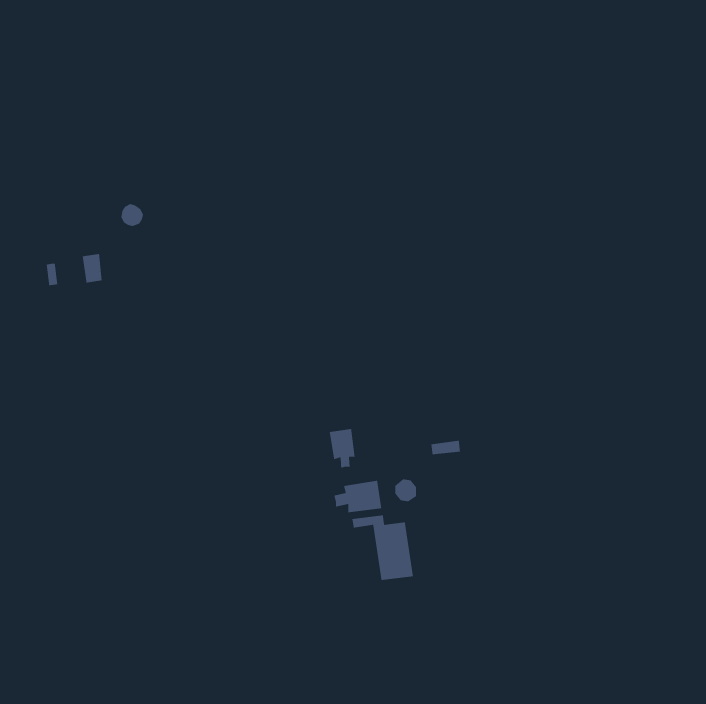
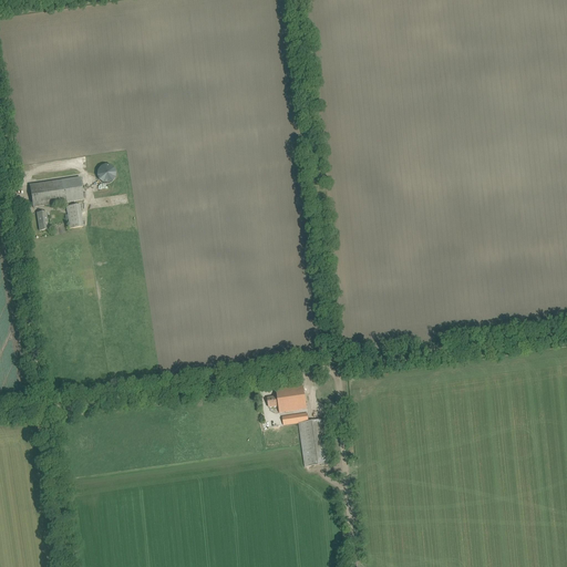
building: none -> [29,176,82,205]
building: [329,428,356,469] -> none

